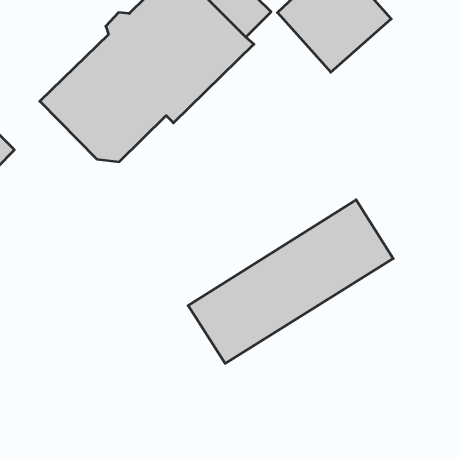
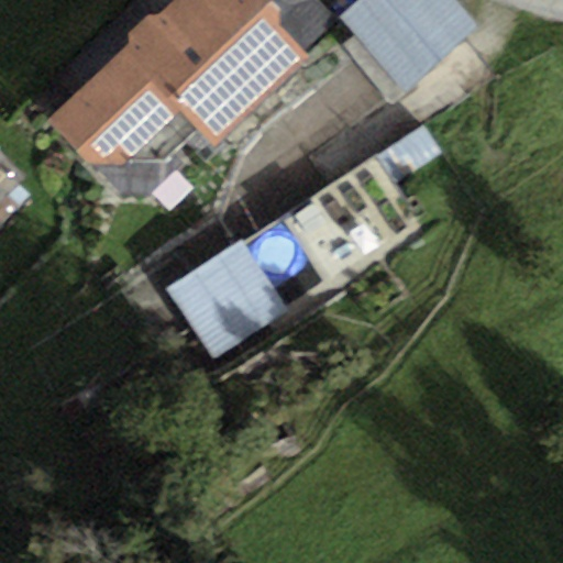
building: [188,200,393,363] -> [165,157,415,356]

